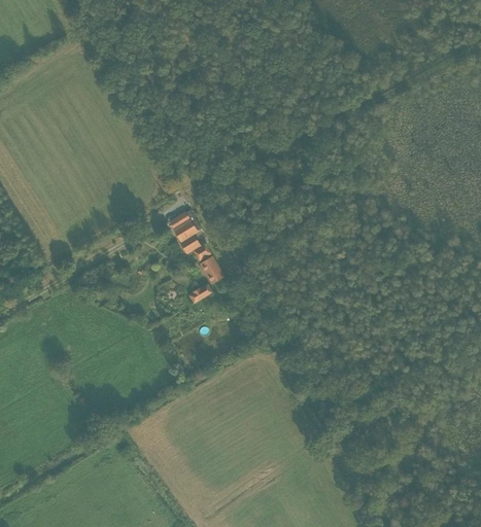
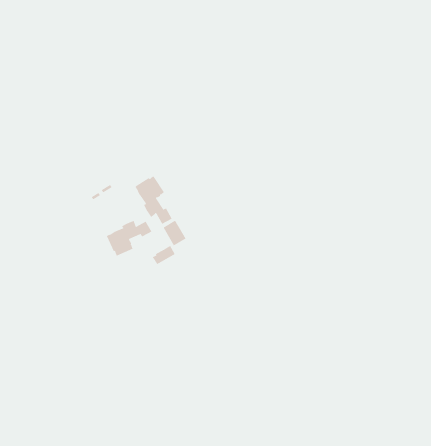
building: none -> [106,220,152,256]

